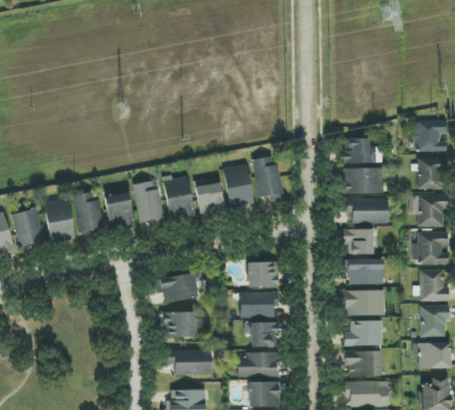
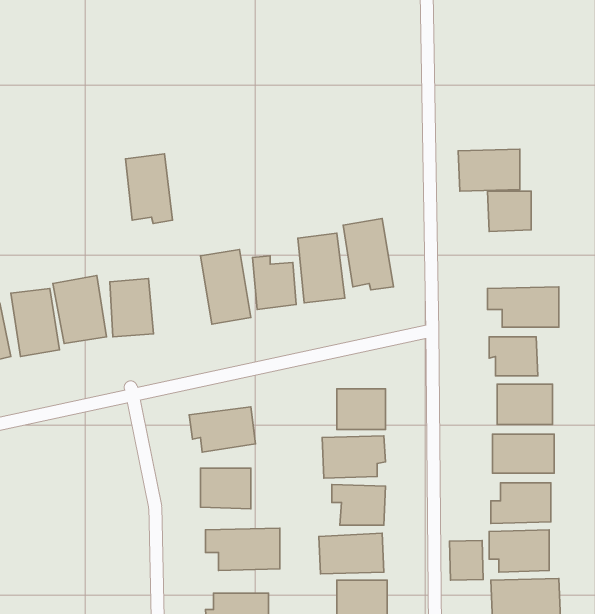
building: [344,167,383,194] -> [458,149,520,191]
building: [134,181,164,224] -> [126,154,173,224]
building: none -> [449,540,483,580]

